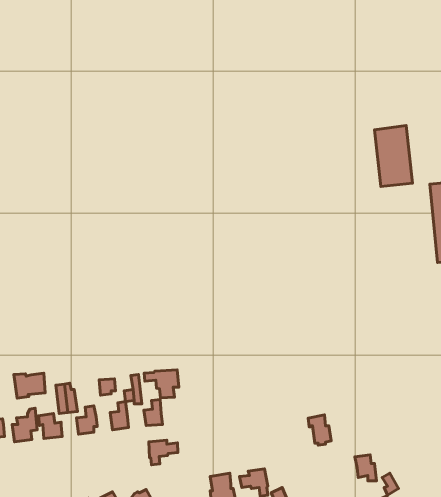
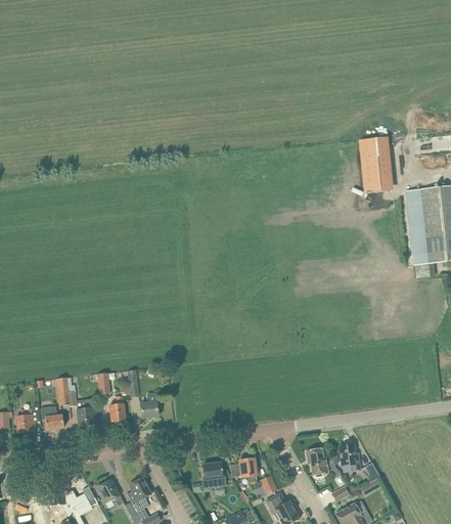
building: [144,370,179,398] -> none
building: [14,373,45,398] -> none
building: [308,415,331,445] -> [306,448,327,477]
building: [149,440,178,465] -> none

